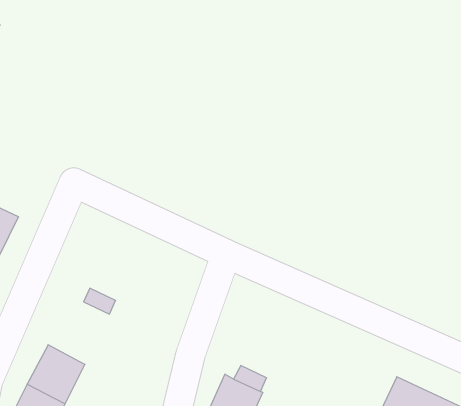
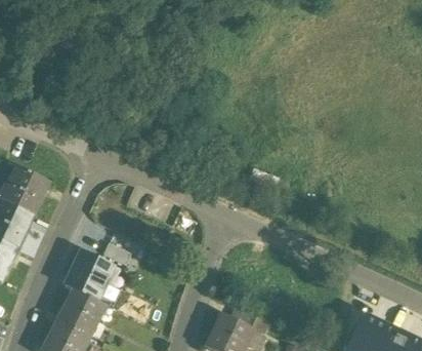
building: none -> [65,250,113,300]

